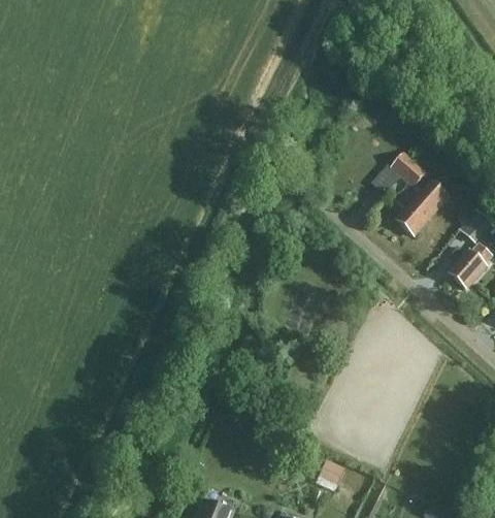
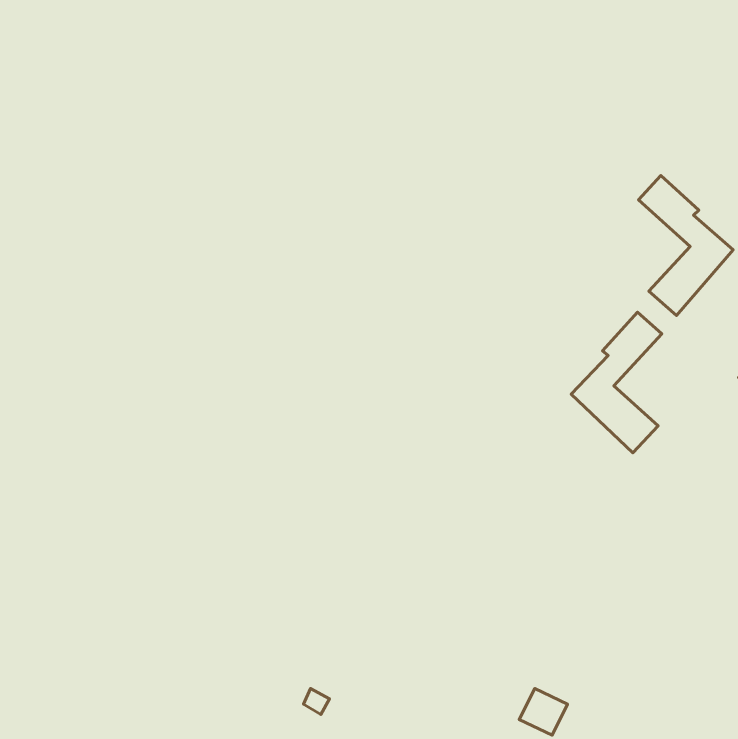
building: none -> [571,312,662,453]

